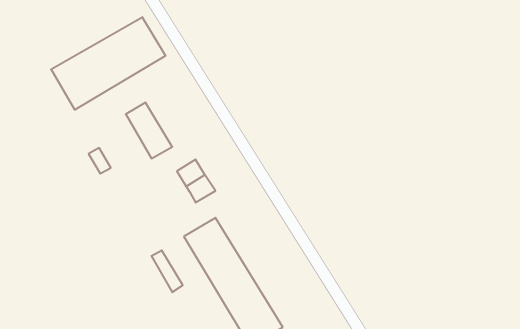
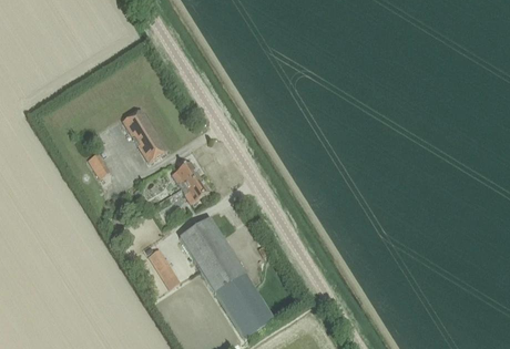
building: [51,17,165,110] -> none

